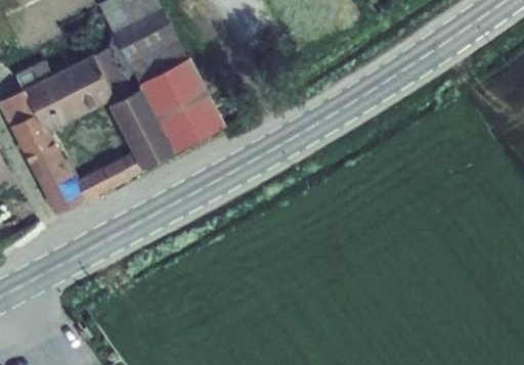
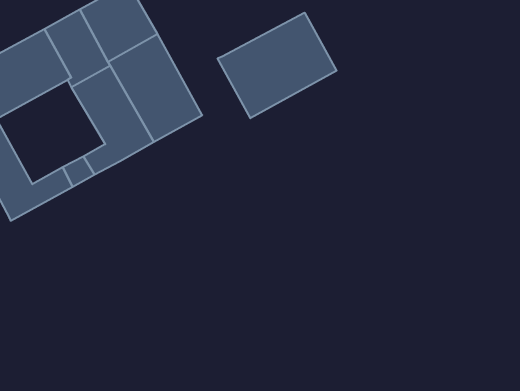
building: none -> [218,13,337,118]

